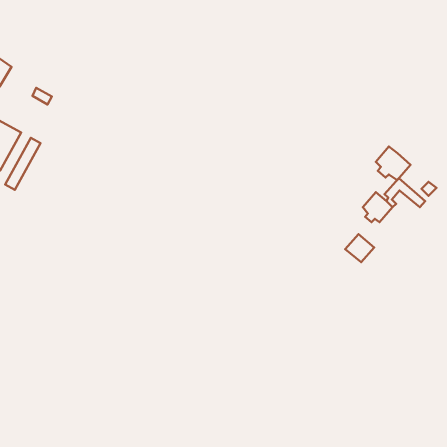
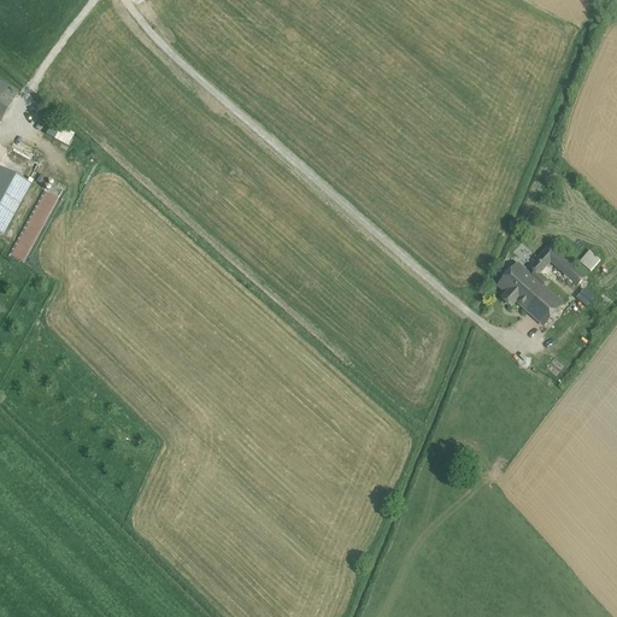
building: [376,147,410,180] -> none
building: [345,234,374,262] -> [521,284,560,323]

